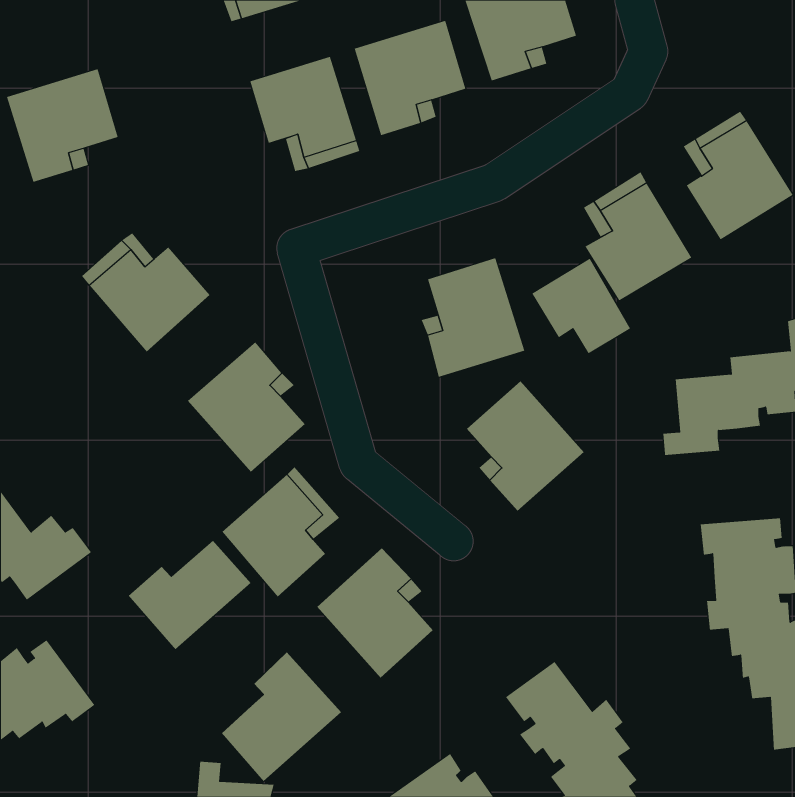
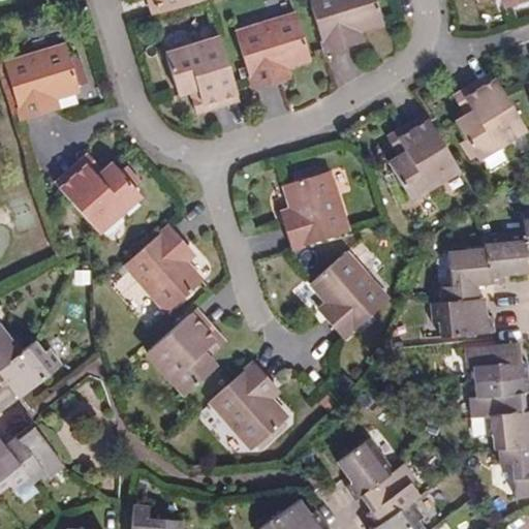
building: [531,258,631,354] -> none
building: none -> [431,298,495,337]
building: [128,540,252,650] -> none
building: [221,652,342,782] -> none

